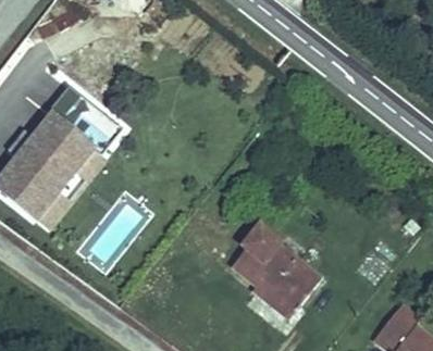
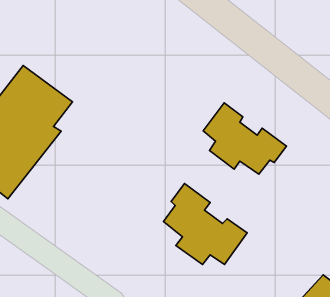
building: none -> [203,103,286,174]

